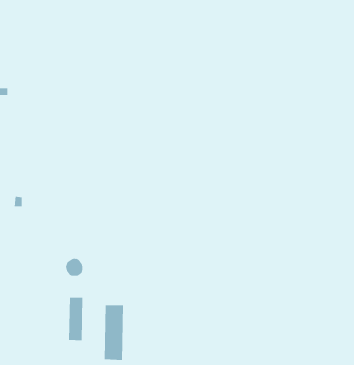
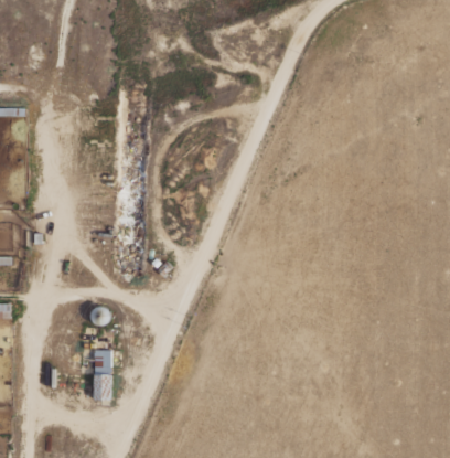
building: [104,305,124,361] -> none

